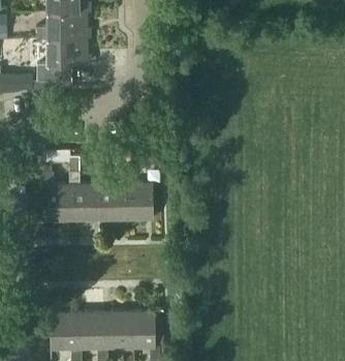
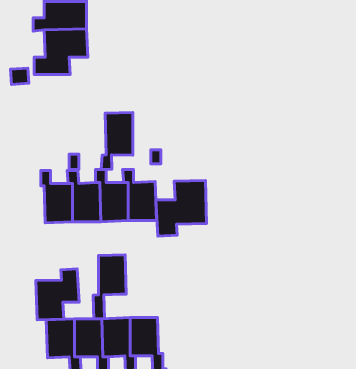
building: none -> [101,112,133,169]
building: none -> [156,181,207,236]
building: none -> [93,255,126,319]
building: none -> [36,269,79,320]

